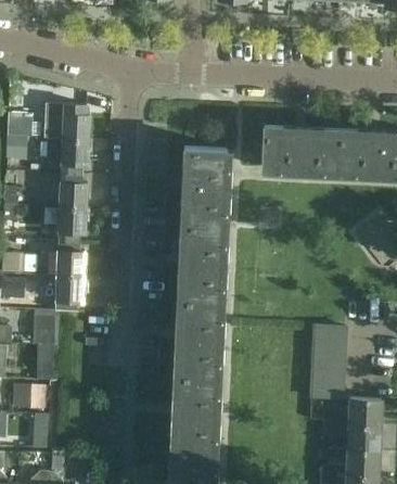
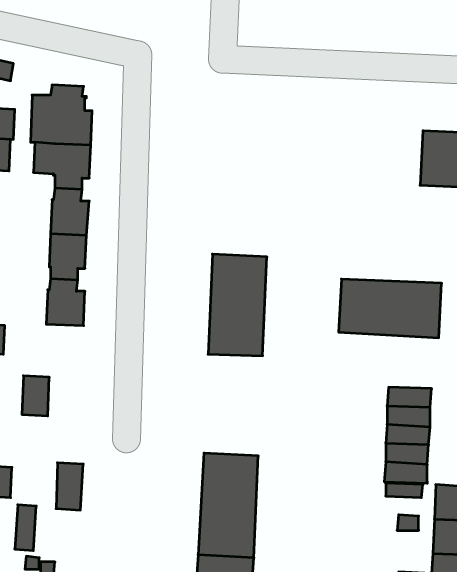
building: [262,126,341,170] -> [339,279,442,338]
building: [181,145,226,225] -> none
building: [54,276,84,310] -> none
building: [175,298,219,375] -> none
building: [36,344,56,380] -> [56,463,83,510]

